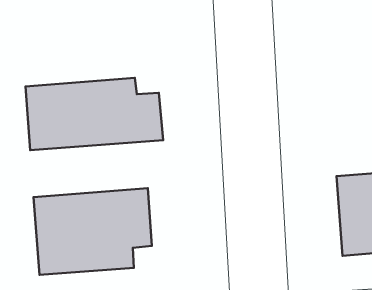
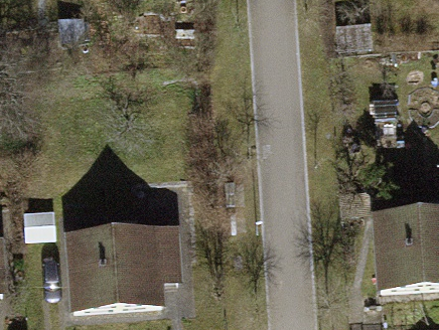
building: [25,78,163,150] -> none

